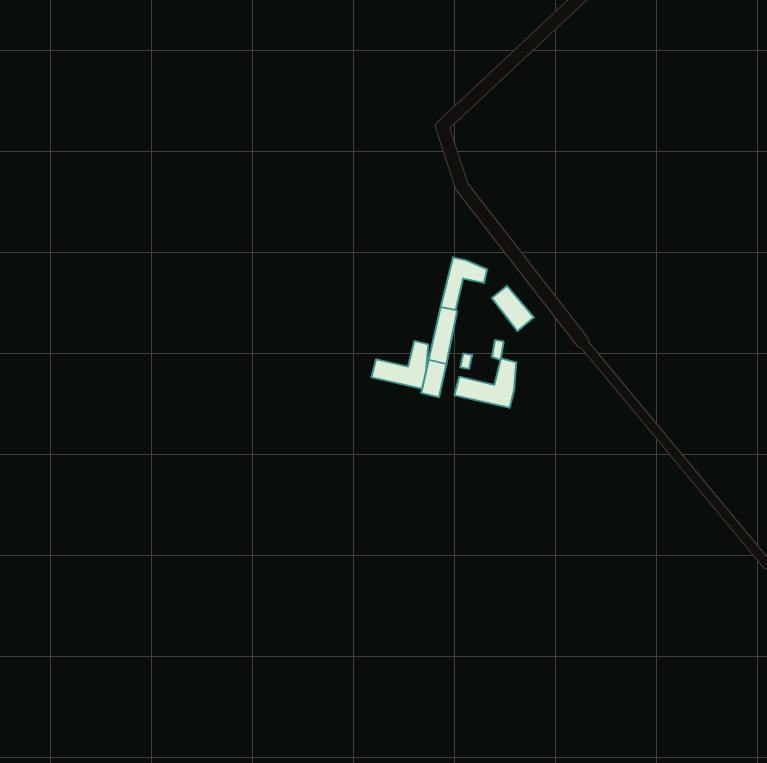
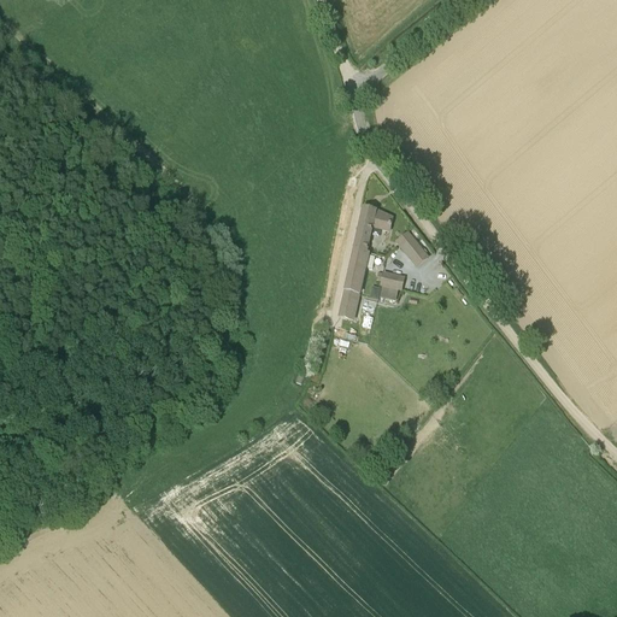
building: [371,341,428,389] -> none
building: [455,358,516,408] -> none

